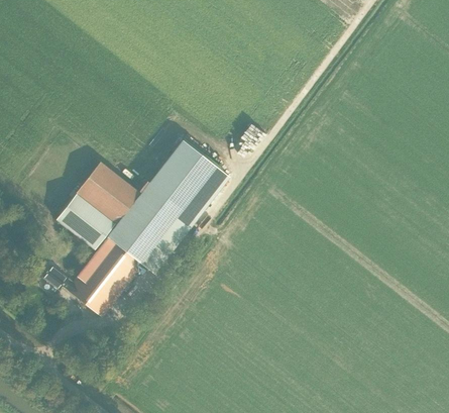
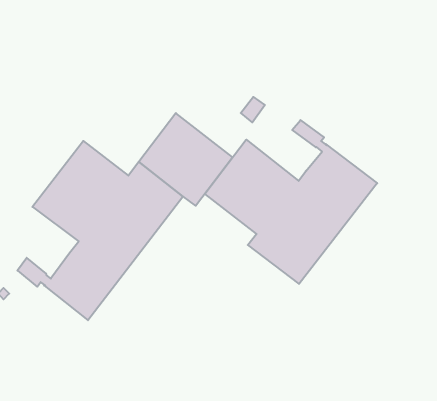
building: none -> [205,120,377,284]

